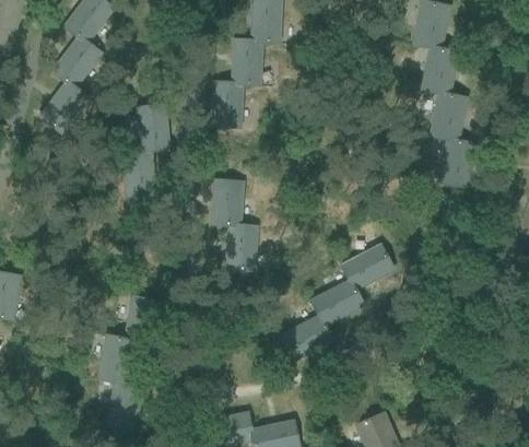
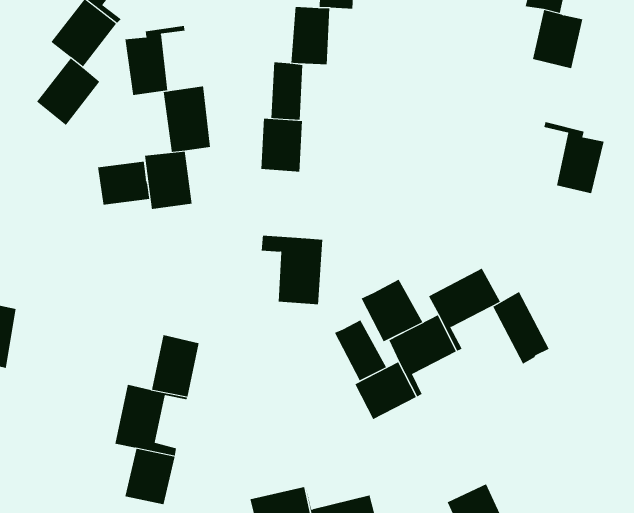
building: none -> [125,25,185,96]
building: [418,82,468,138] -> none
building: none -> [97,161,150,206]
building: [211,178,244,220] -> [260,118,303,172]
building: none -> [361,279,423,342]
building: none -> [492,291,550,364]
building: none -> [334,319,387,381]

